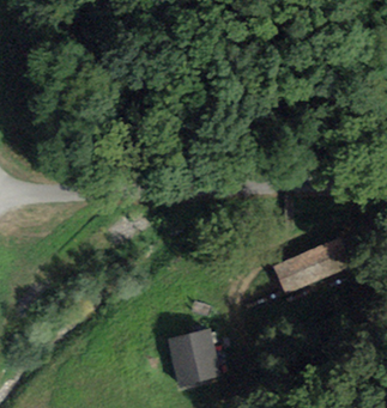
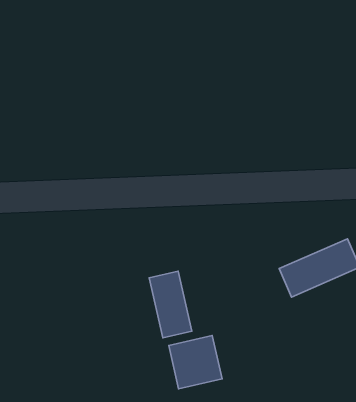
building: none -> [149,271,192,338]

